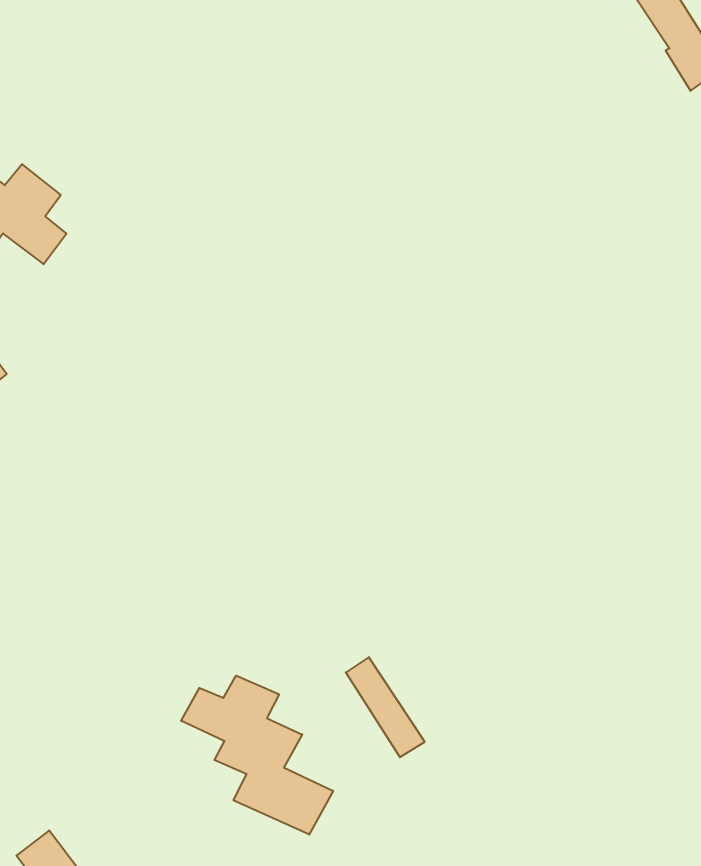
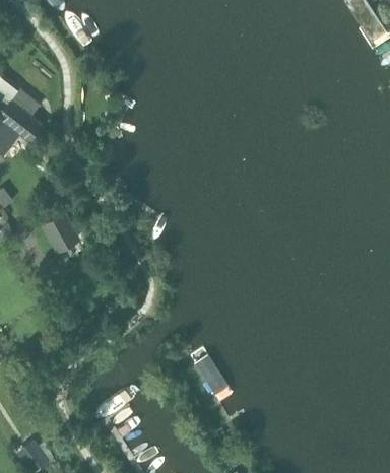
building: none -> [42,211,81,254]
building: [181,676,333,835] -> none

